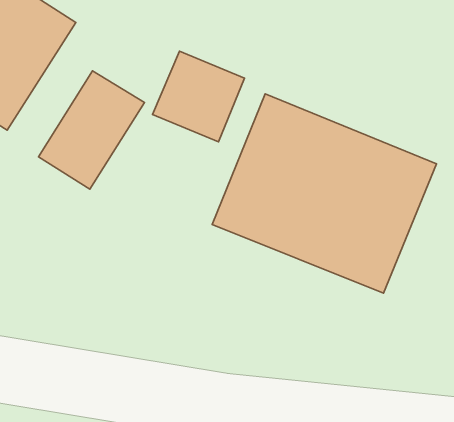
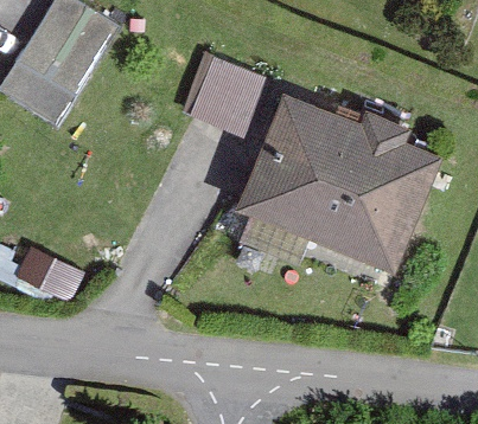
building: [39,71,144,189] -> none

